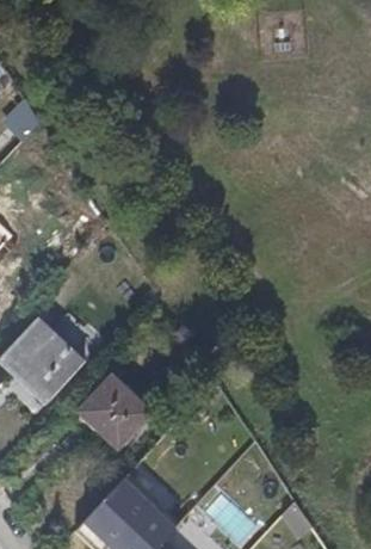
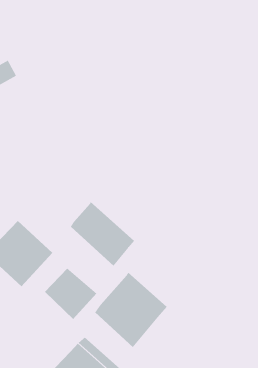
building: none -> [70,201,135,267]
building: none -> [94,272,168,348]

